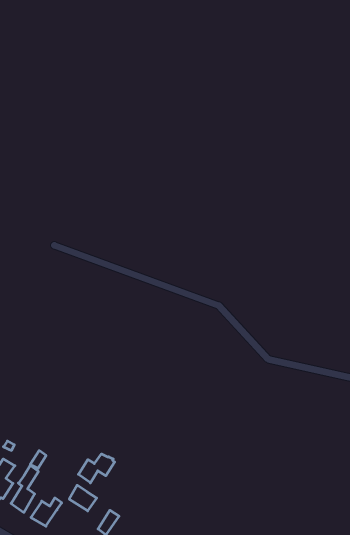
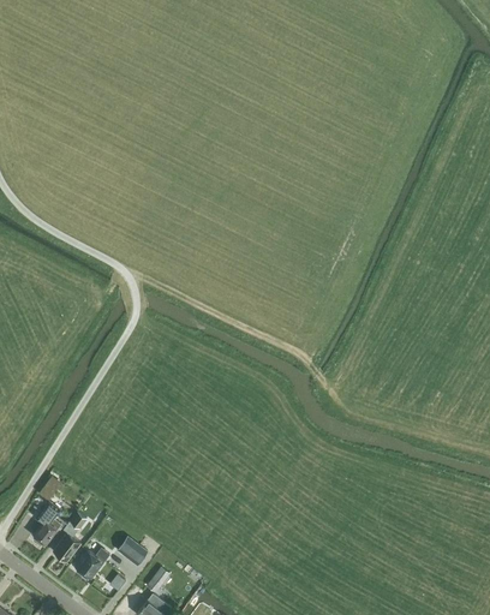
building: [78,454,115,483] -> none

